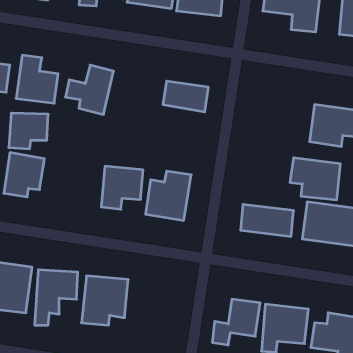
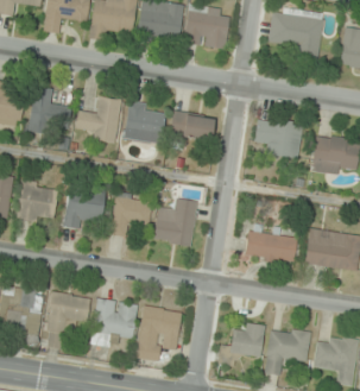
building: none -> [124,103,165,144]
building: [9,113,48,149] -> [64,194,102,228]
building: [290,158,340,200] -> [253,118,302,158]
building: none -> [135,305,182,361]

